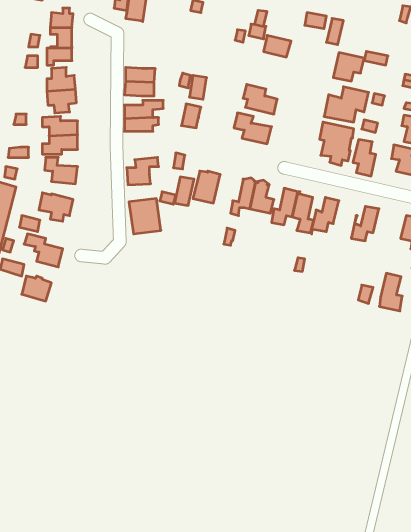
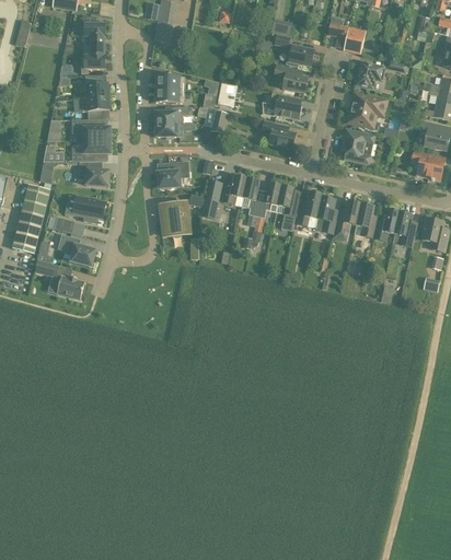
building: none -> [273,62,308,92]
building: [353,140,376,176] -> [355,202,377,237]
building: none -> [240,177,259,214]
building: [379,273,402,311] -> [392,210,414,246]

